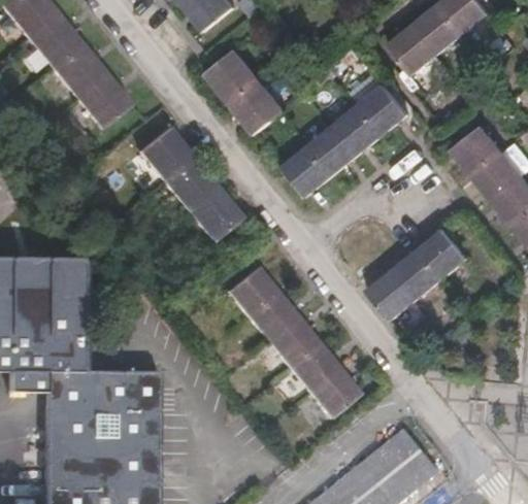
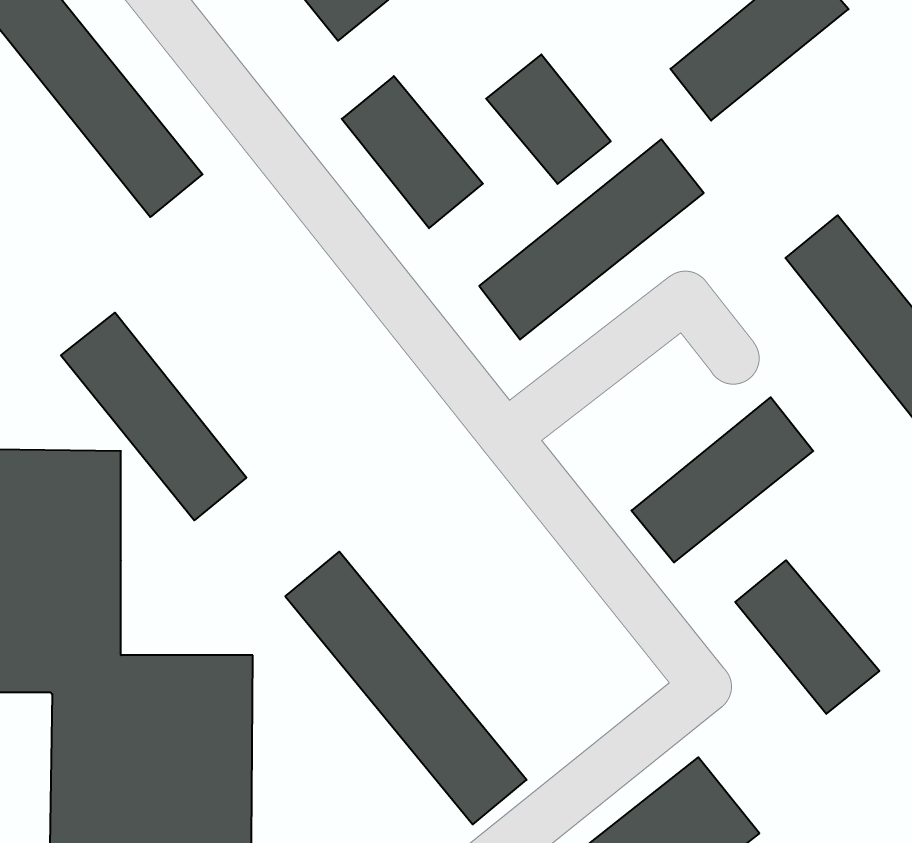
building: none -> [486,54,611,184]
building: [139,126,242,241] -> [61,313,246,520]
building: [227,265,361,416] -> [285,552,527,824]
building: none -> [735,560,879,714]

